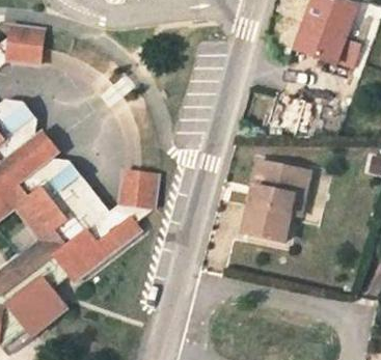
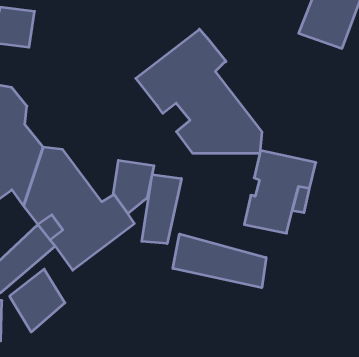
building: none -> [136,29,262,154]
building: none -> [142,174,181,244]
building: none -> [173,234,266,288]

